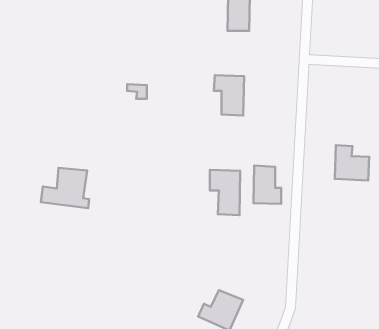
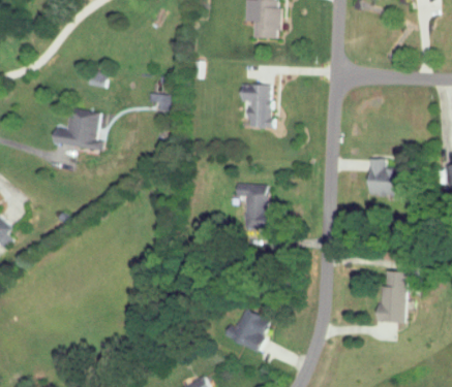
building: [254,166,281,204] -> none
building: [41,168,89,208] -> [52,107,102,150]
building: none -> [379,270,406,322]

